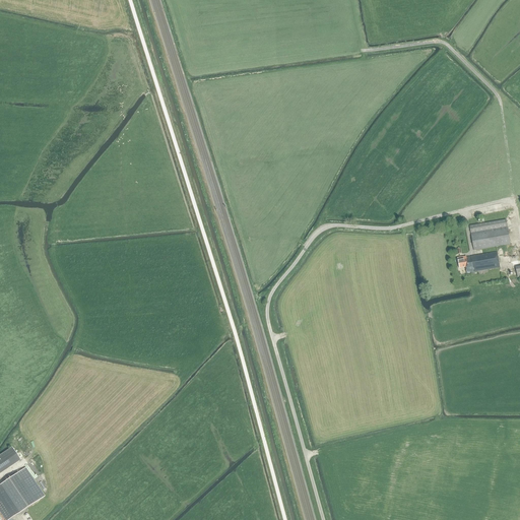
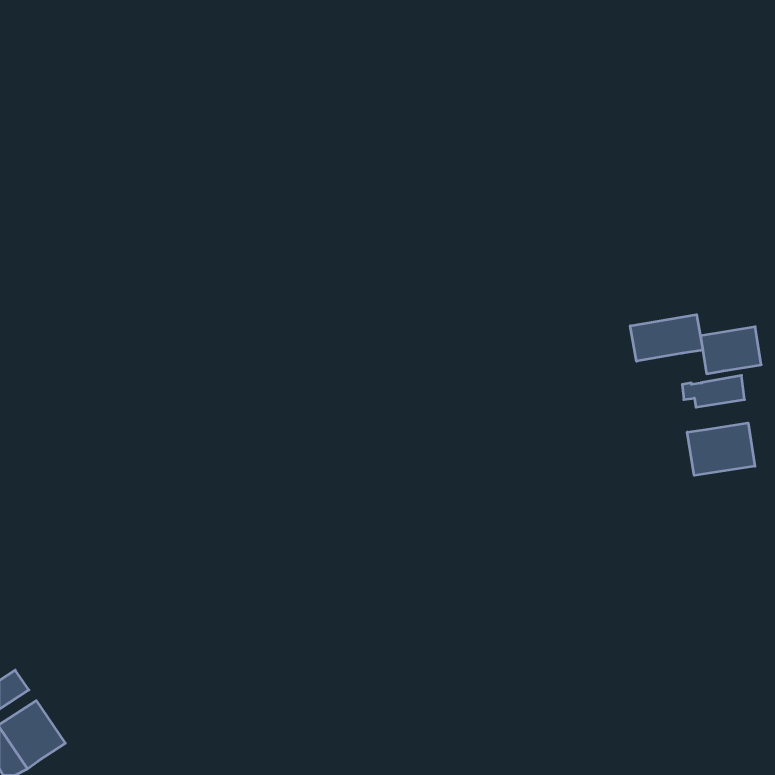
building: none -> [630,315,703,361]
building: none -> [687,423,755,475]

